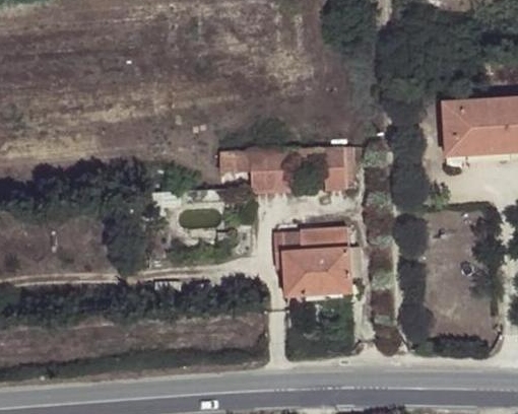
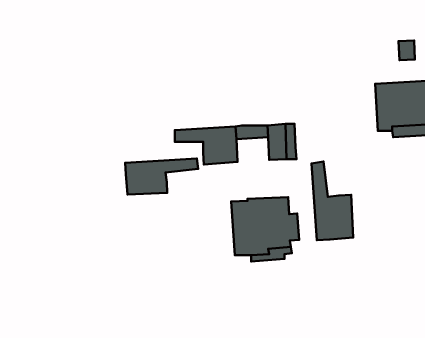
building: none -> [125,158,198,194]
building: none -> [312,162,353,240]

